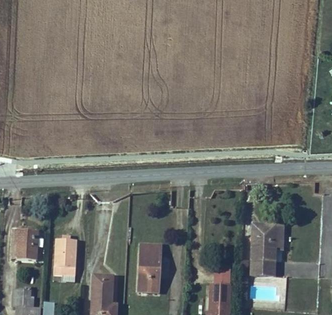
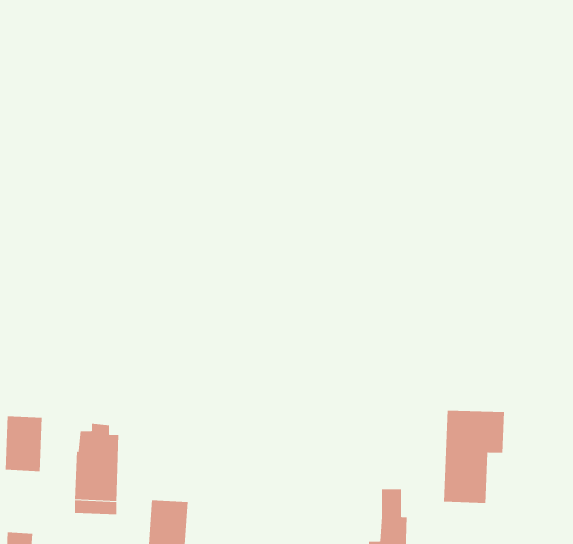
building: [139,245,159,292] -> none

